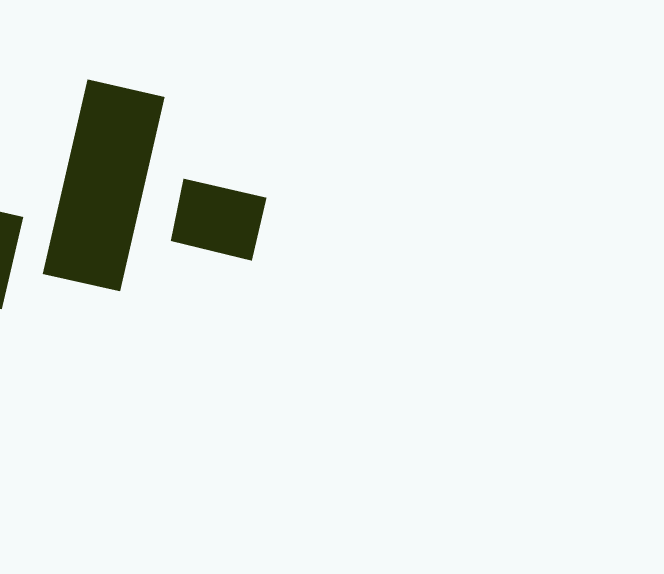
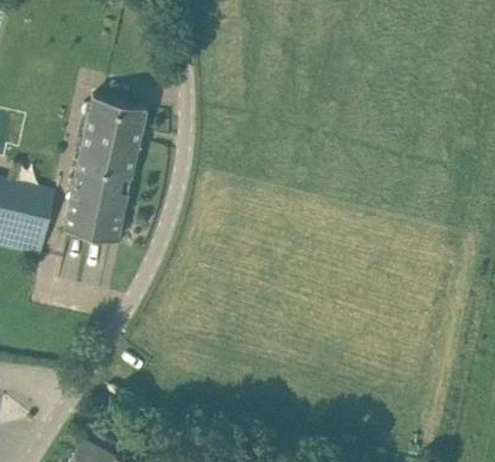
building: [170,178,267,262] -> none

